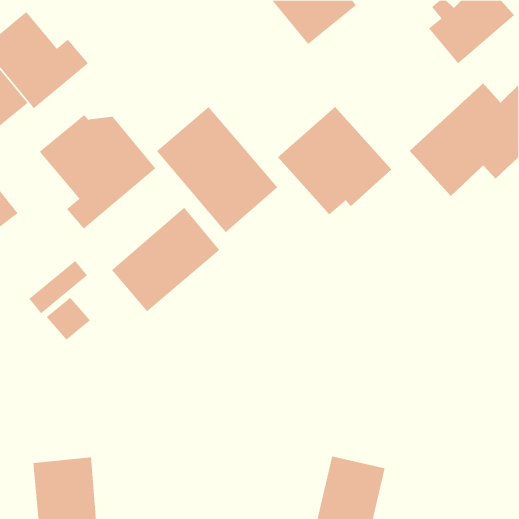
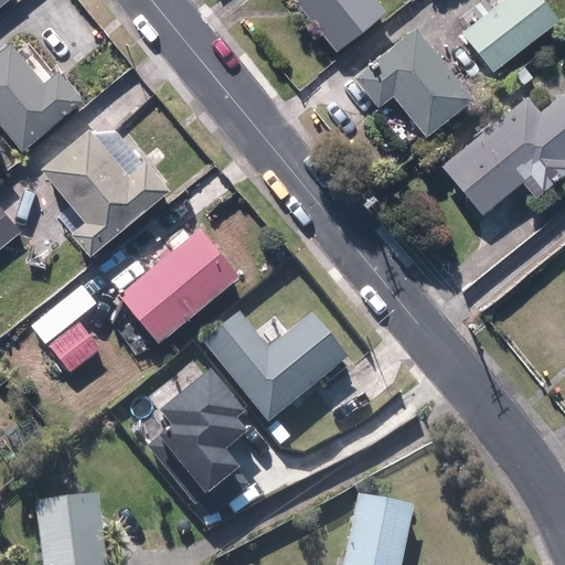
building: [277,106,392,215] -> [350,26,475,145]
building: [156,106,278,233] -> none
building: none -> [202,313,351,426]
building: none -> [158,373,248,523]

